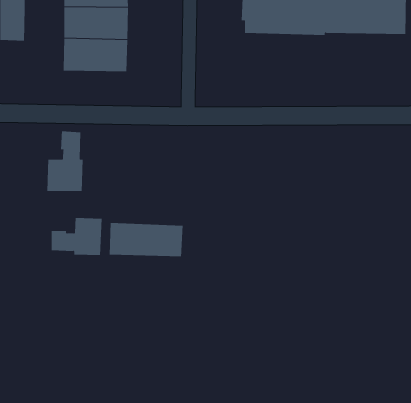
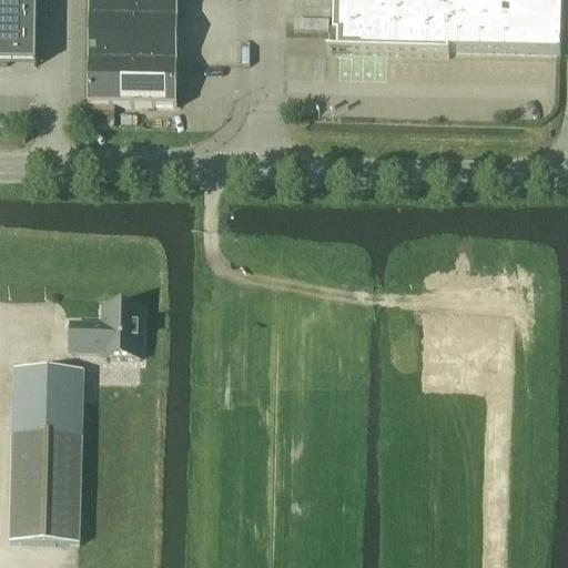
building: [47,131,83,192] -> none
building: [109,222,183,257] -> none
building: none -> [9,363,83,537]

